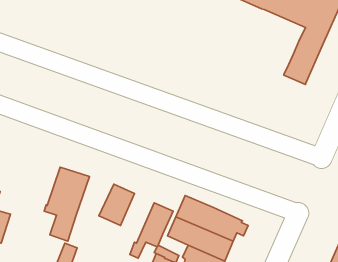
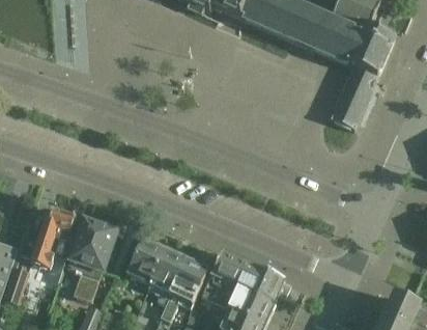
building: none -> [31,207,76,267]
building: none -> [150,248,188,303]

